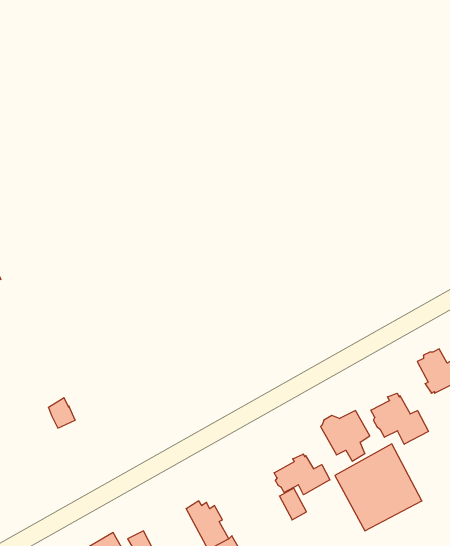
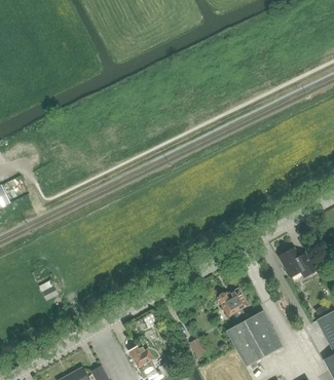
building: [371,393,428,444] -> none
building: [274,454,330,495] -> none

